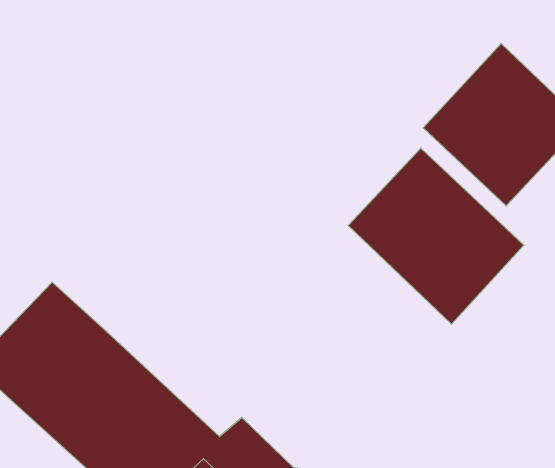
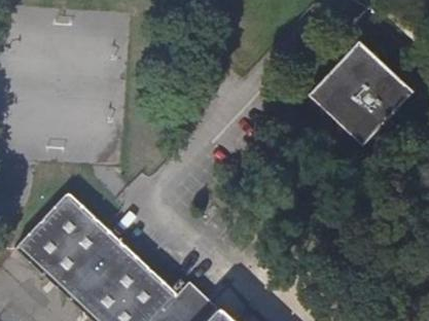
building: [348,148,524,324] -> none

